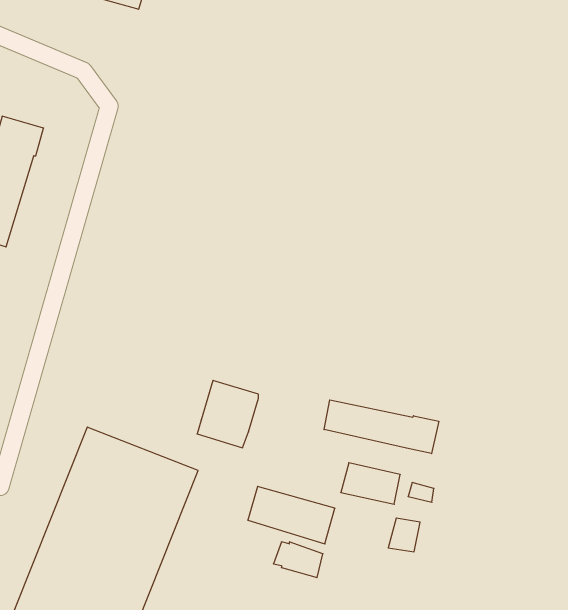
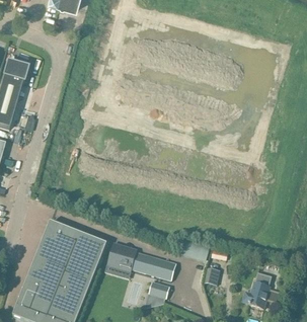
building: [197,380,258,448] -> [105,242,137,276]
building: [324,400,439,454] -> none
building: none -> [242,272,280,308]

